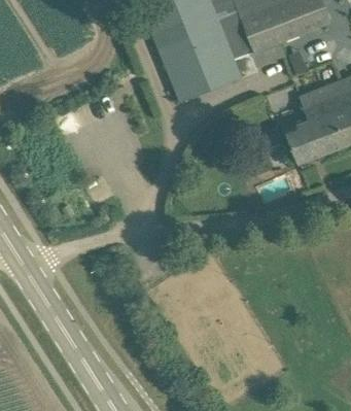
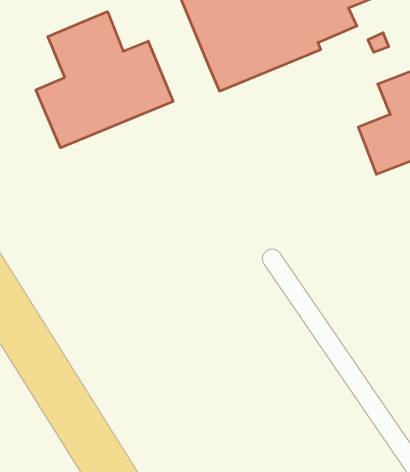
building: none -> [36,12,173,148]

